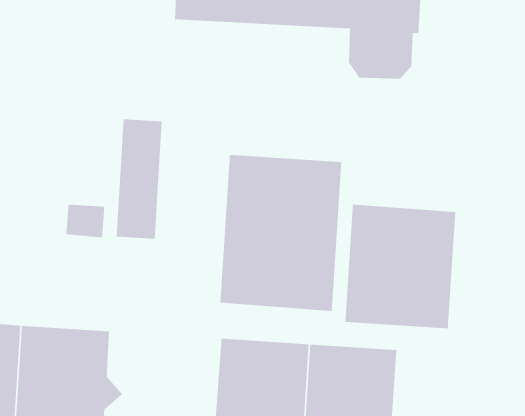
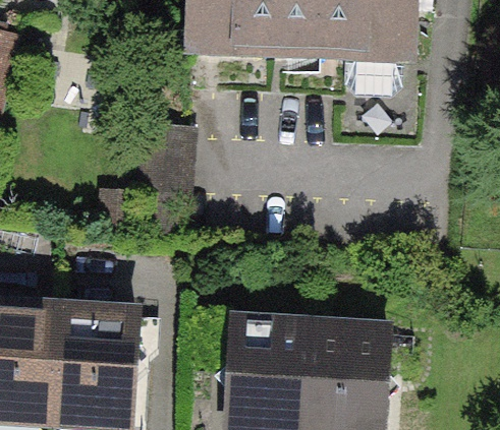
building: [220,154,342,312] -> none
building: [345,204,456,329] -> none

